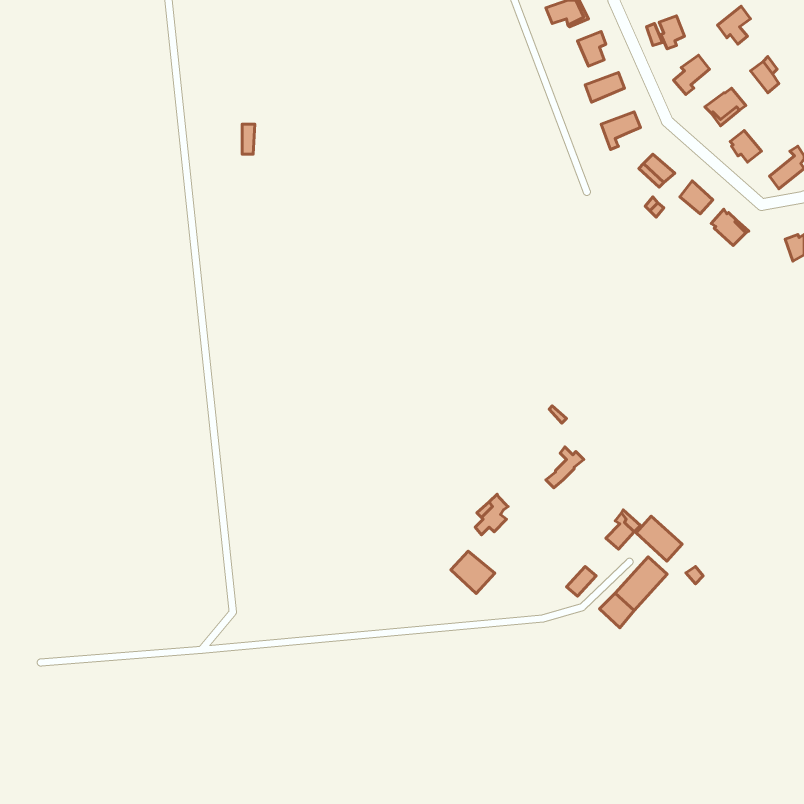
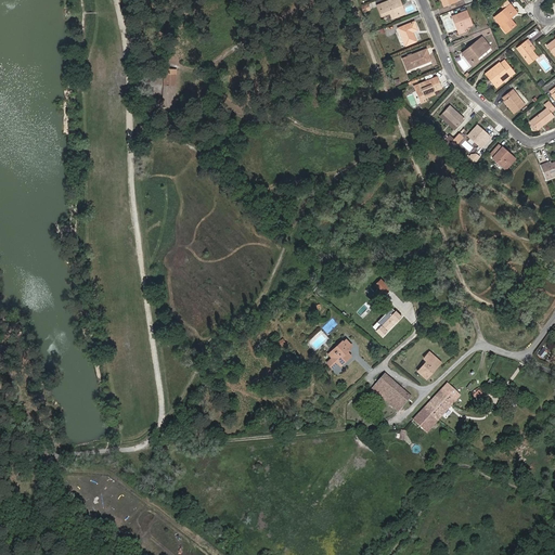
building: [636,516,682,561] -> none
building: [451,551,495,594] -> [373,375,403,404]

